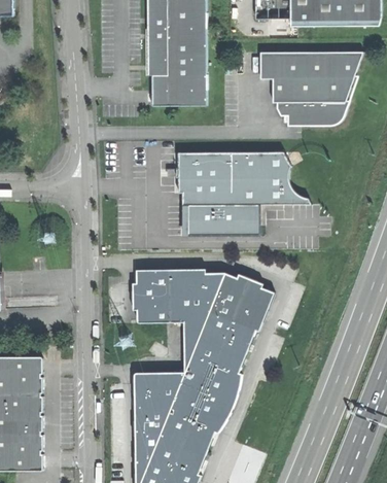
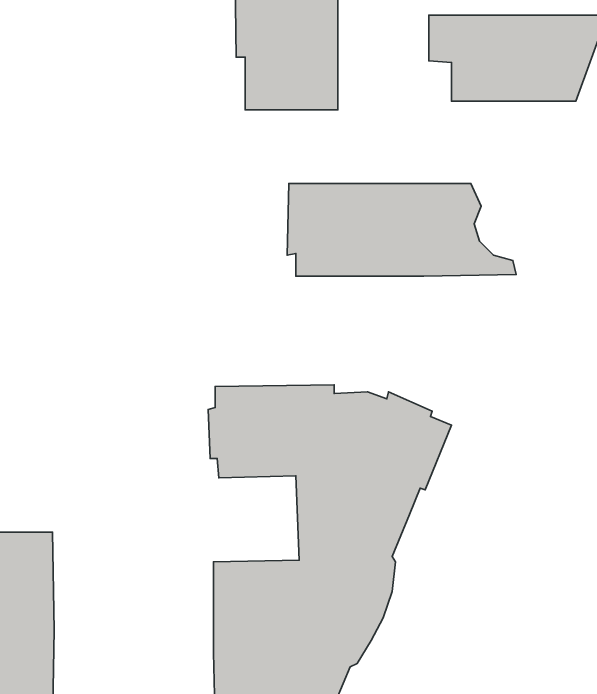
building: [278,102,351,126] -> none
building: [182,205,258,235] -> none

